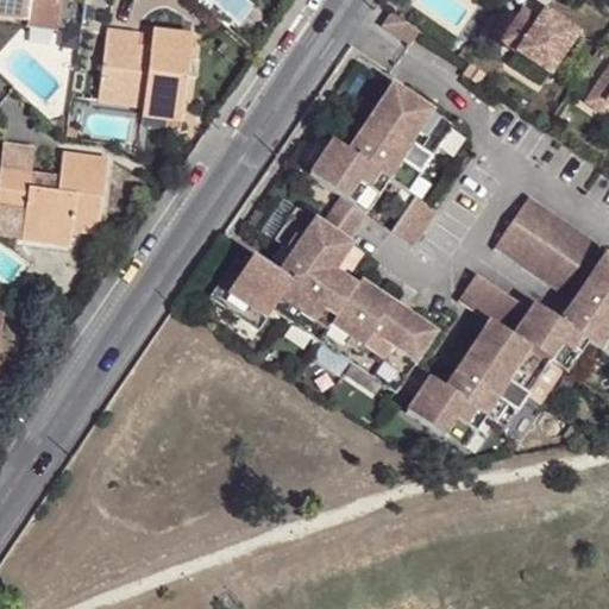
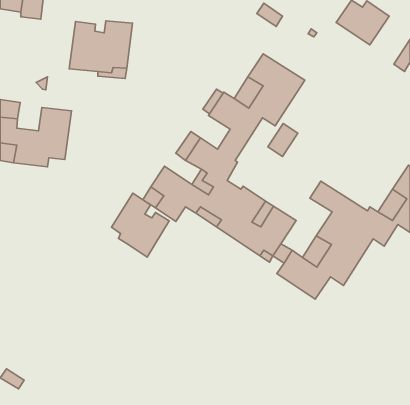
building: [494,188,597,285] -> none
building: none -> [112,193,169,257]

